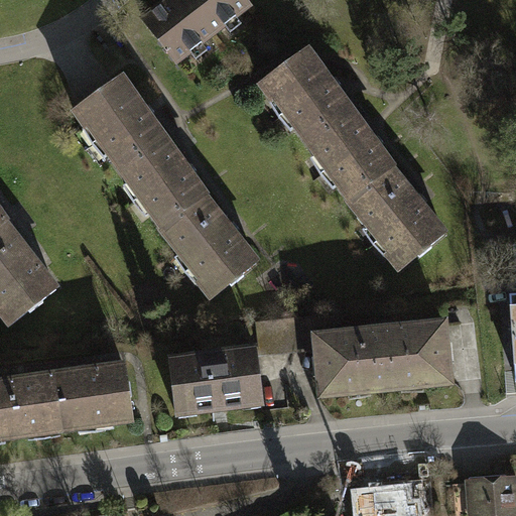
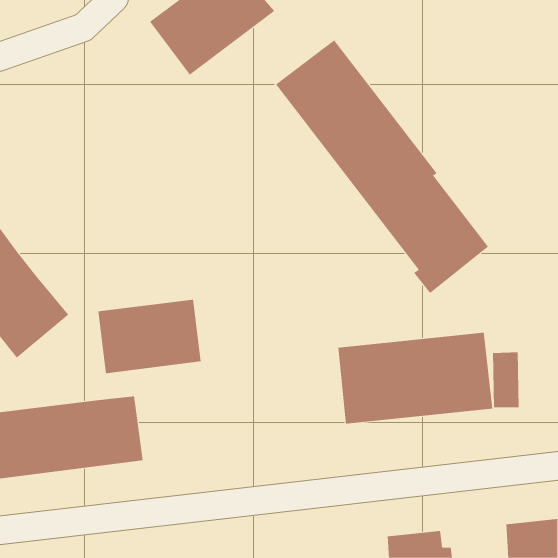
building: [71,78,265,303] -> none
building: [167,349,263,417] -> [97,299,201,374]

